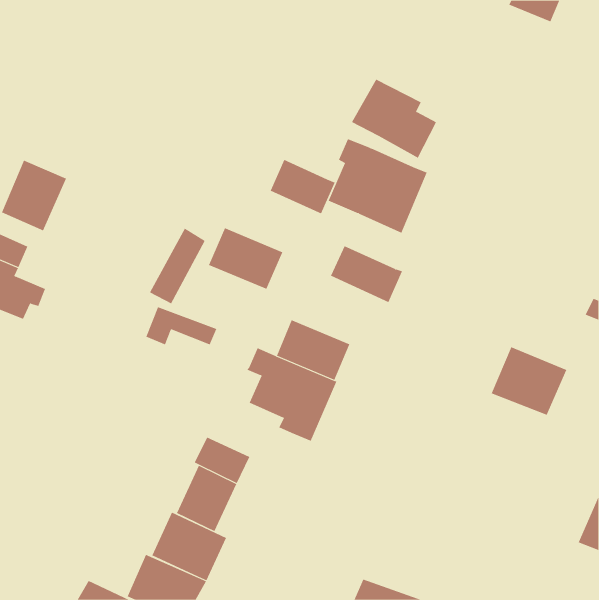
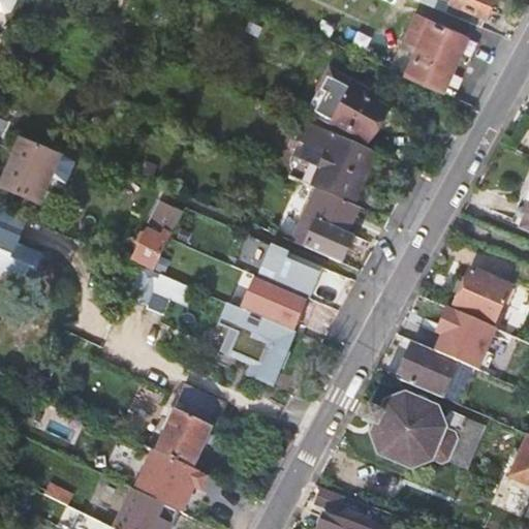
building: none -> [407,14,466,91]
building: [270,159,336,214] -> [303,188,361,237]
building: [208,227,283,290] -> [256,248,322,303]
building: none -> [453,264,514,322]
building: none -> [397,340,462,398]
building: none -> [362,395,486,473]

